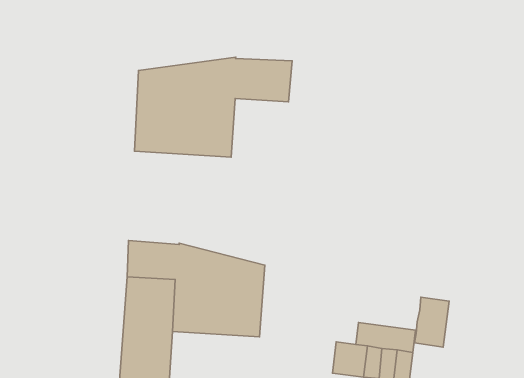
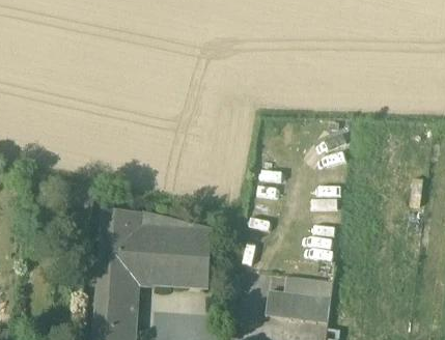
building: [135,57,292,157] -> none
building: [415,297,449,347] -> none

